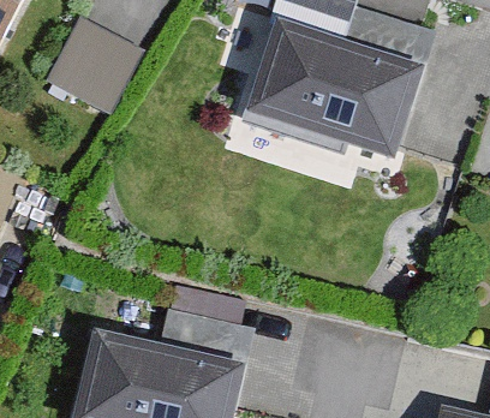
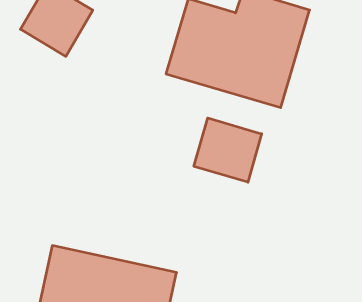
building: none -> [194,118,262,182]

